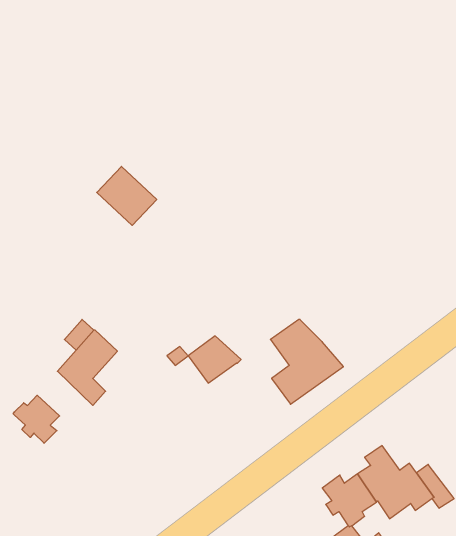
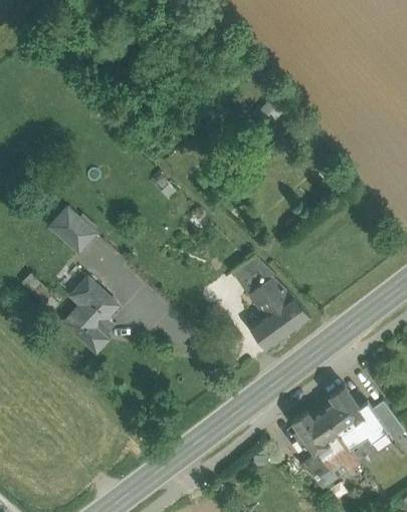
building: [97,166,157,225] -> [47,204,98,254]
building: [188,336,241,383] -> [230,255,275,295]
building: [13,395,60,443] -> none

